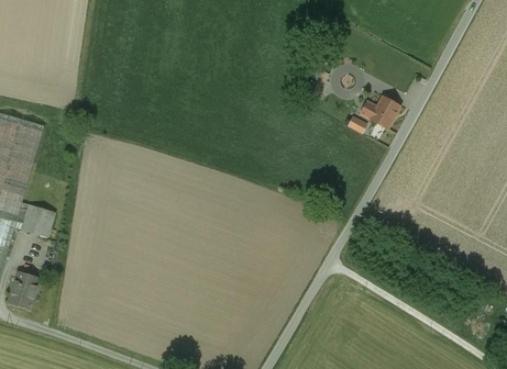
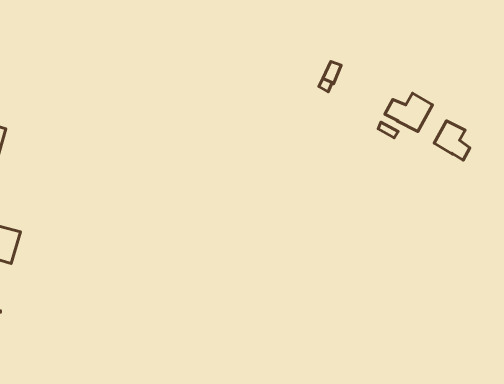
building: none -> [434,121,470,160]

